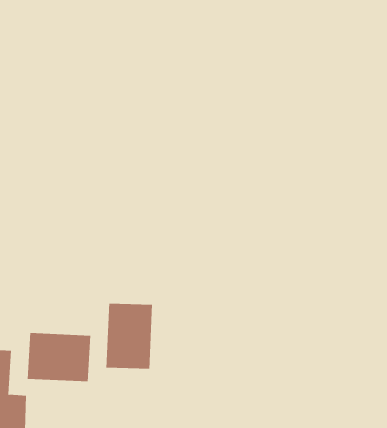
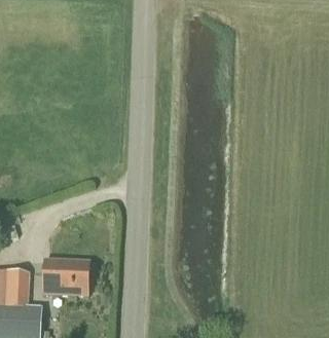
building: [106,303,153,369] -> none

